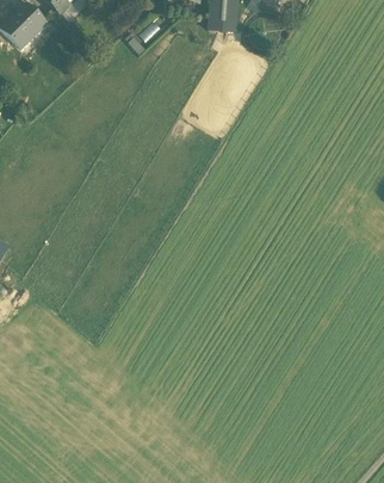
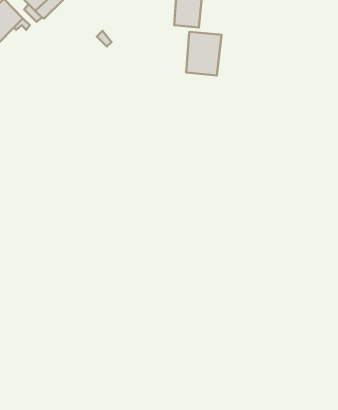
building: none -> [186,32,222,75]

